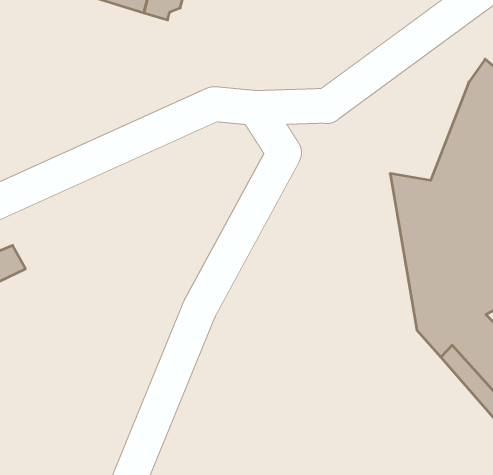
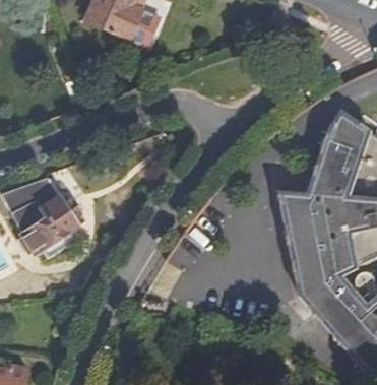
building: none -> [20,200,75,257]

